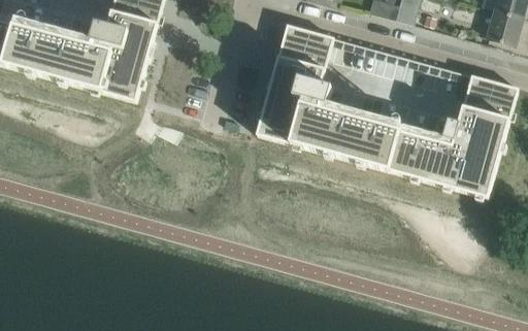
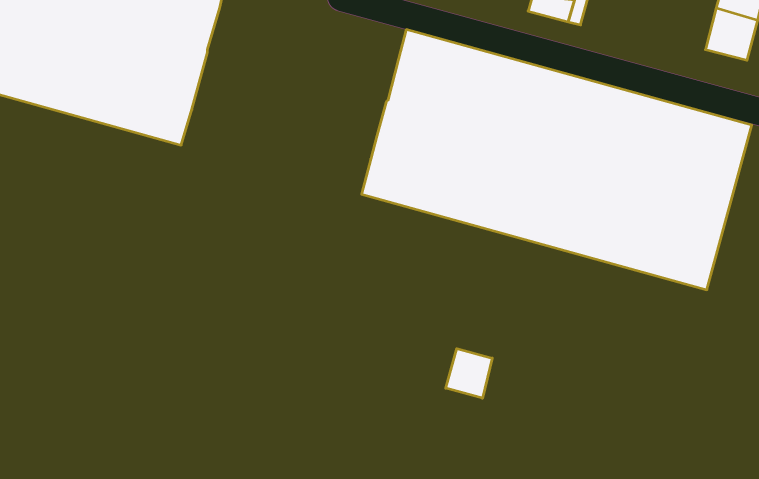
building: none -> [446,349,492,398]

